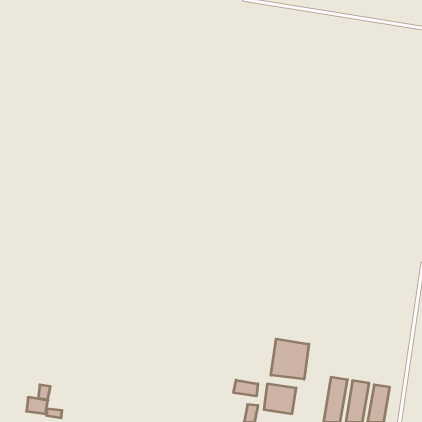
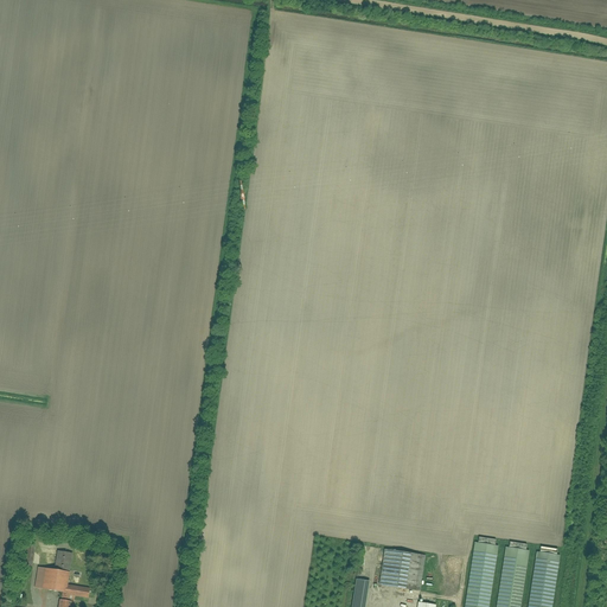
building: [271,339,309,379] -> none
building: [234,380,258,396] -> none

